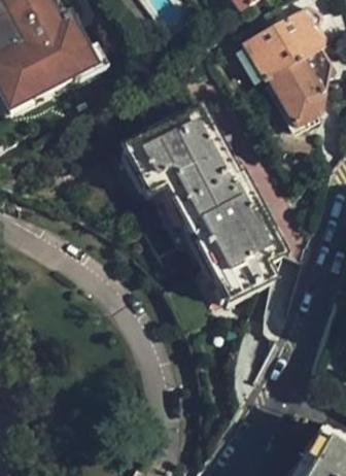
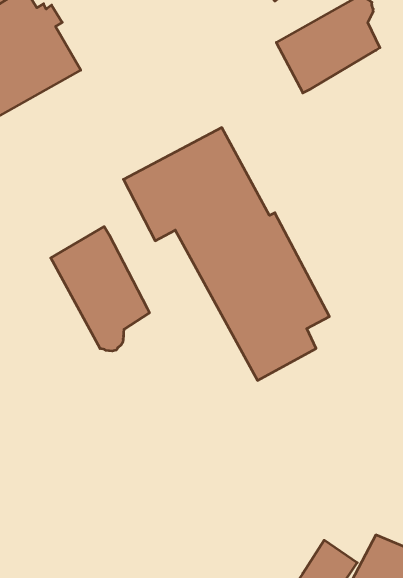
building: [268,52,327,129] -> none
building: none -> [51,227,149,351]

